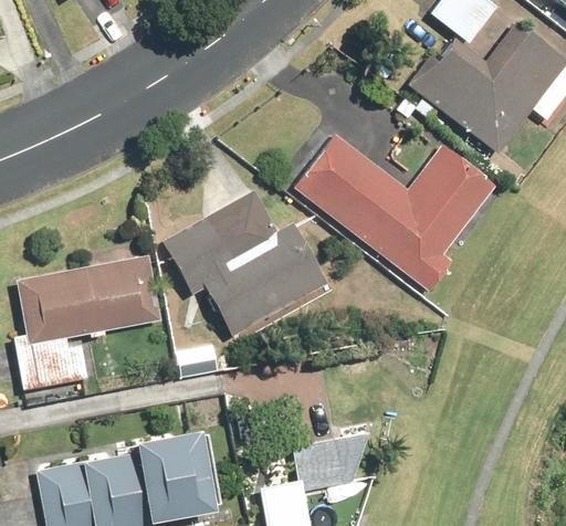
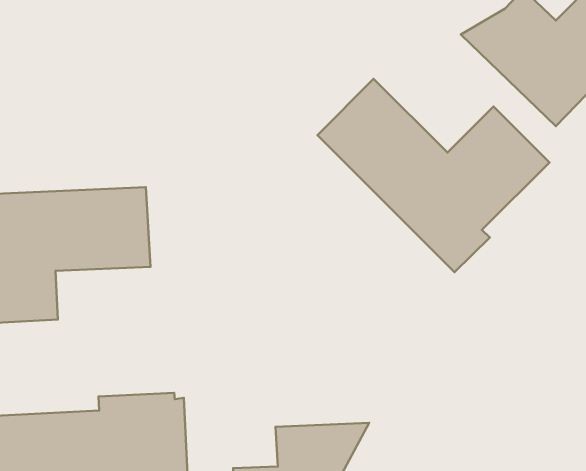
building: [161,189,327,335] -> none

